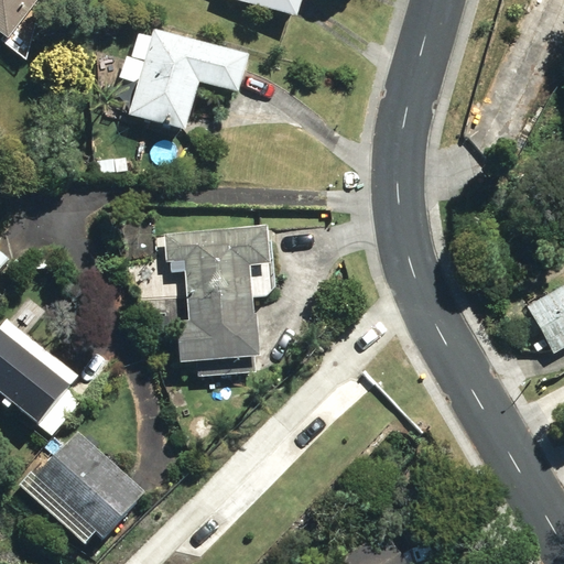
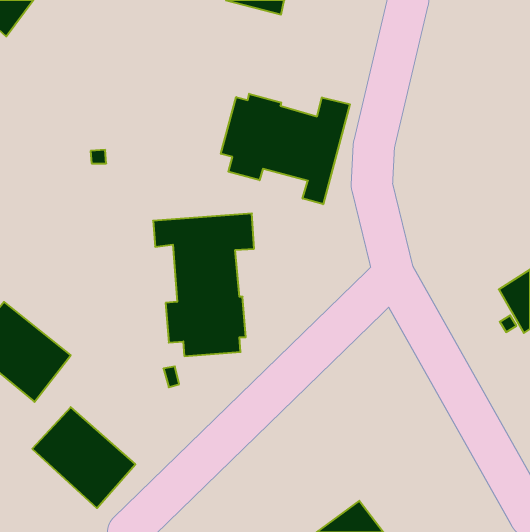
building: [128,29,248,130] -> none
building: none -> [221,94,350,204]

